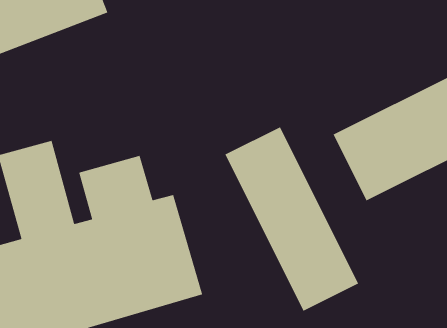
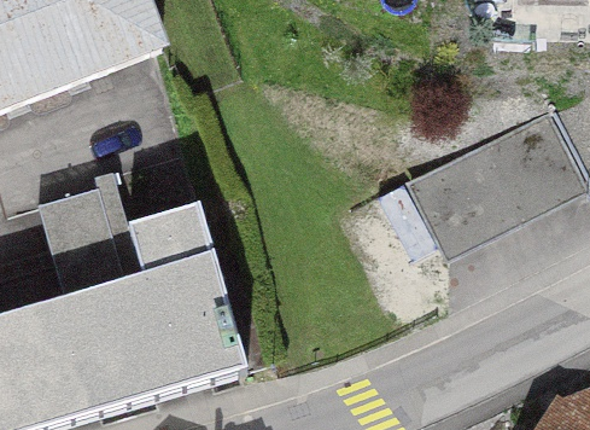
building: [224,126,359,312] -> none

